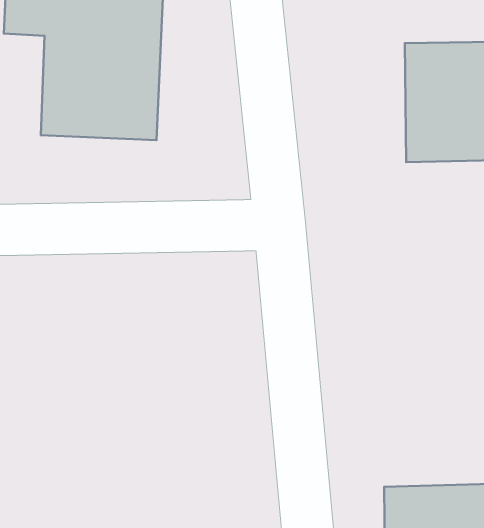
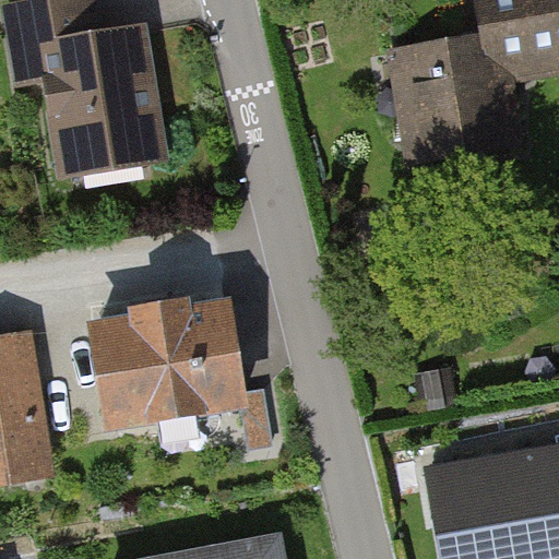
building: none -> [93,295,250,429]

